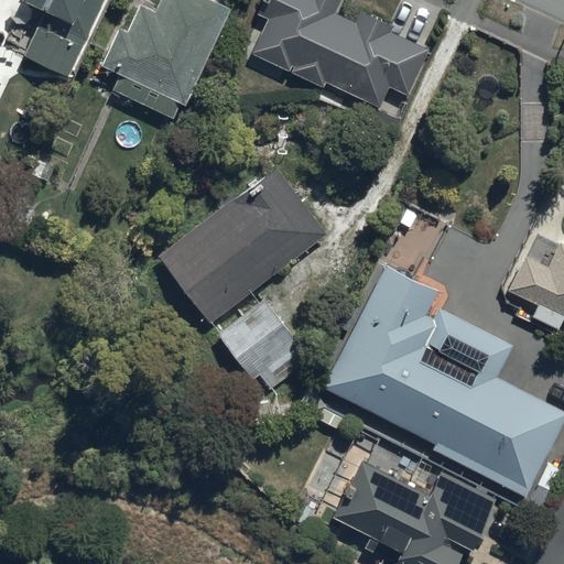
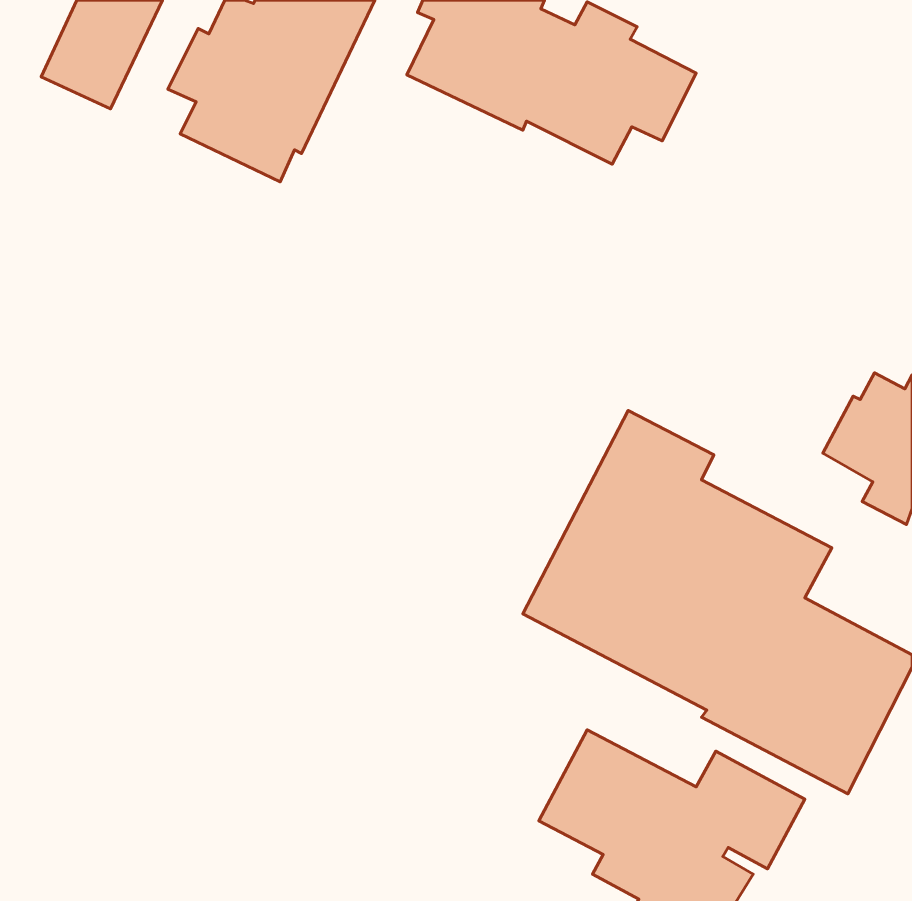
building: [159,166,327,388] -> none

